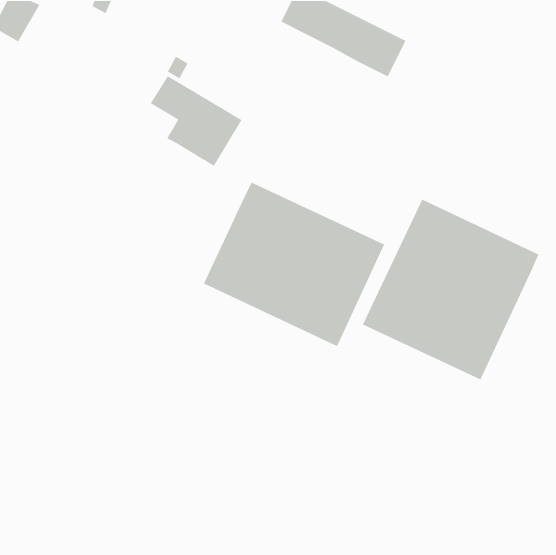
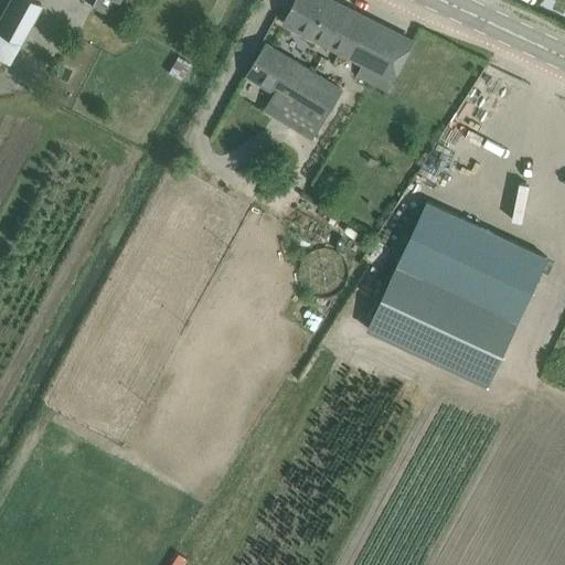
building: [150,75,243,167] -> [247,47,341,140]
building: [203,182,385,347] -> none

